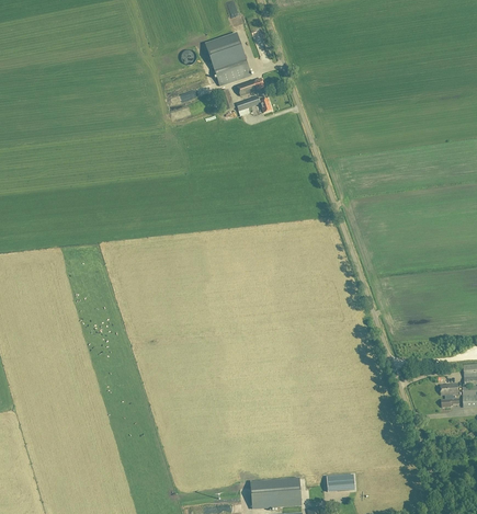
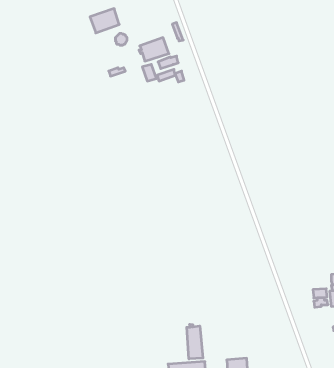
building: [205,33,243,65] -> [90,9,119,33]
building: none -> [187,324,203,359]

